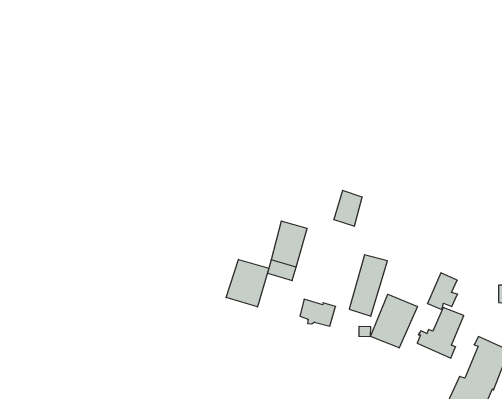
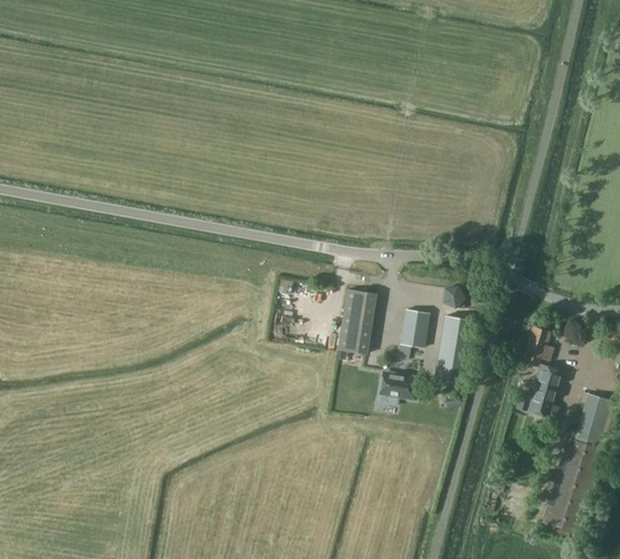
building: [334,190,362,226] -> [400,309,429,347]
building: [226,259,269,307] -> none
building: [371,294,417,348] -> none

